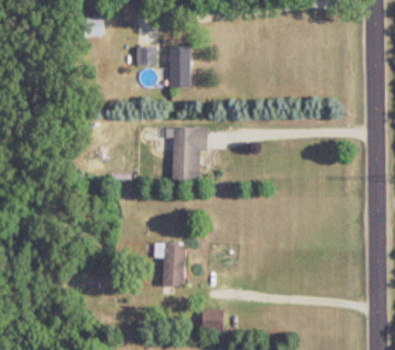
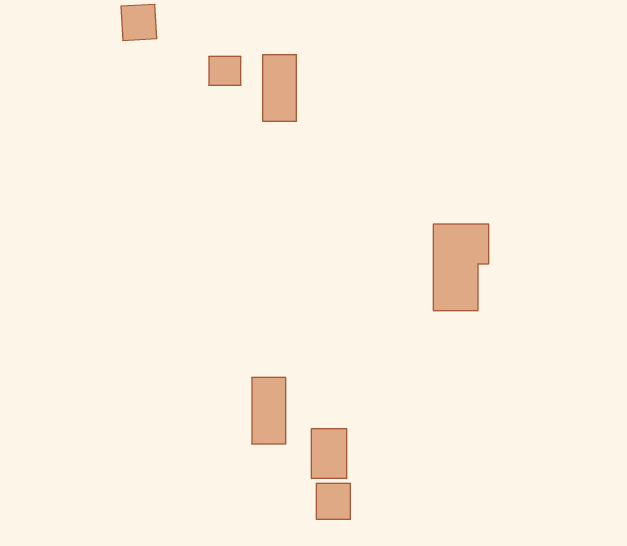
building: [172,127,206,179] -> [433,224,489,310]
building: none -> [312,429,347,479]

